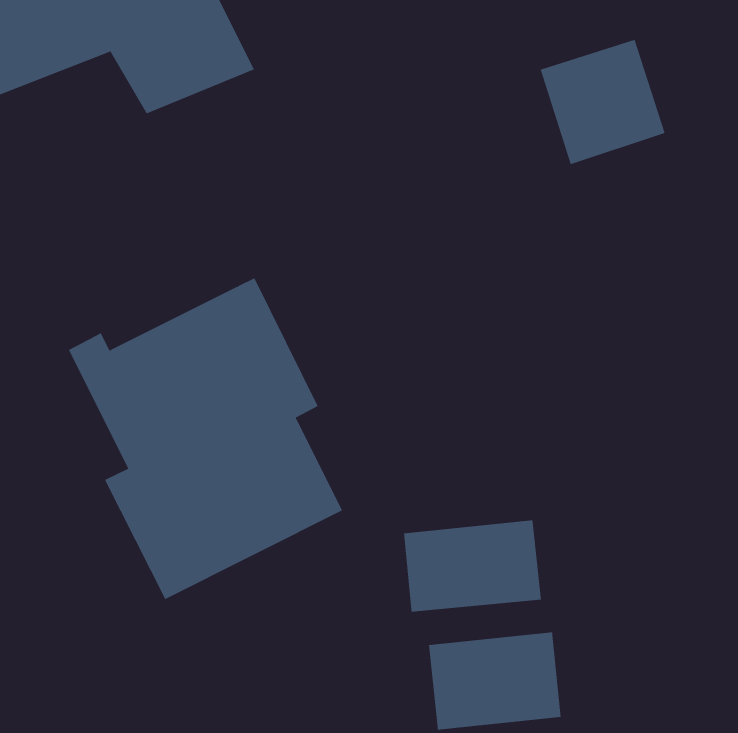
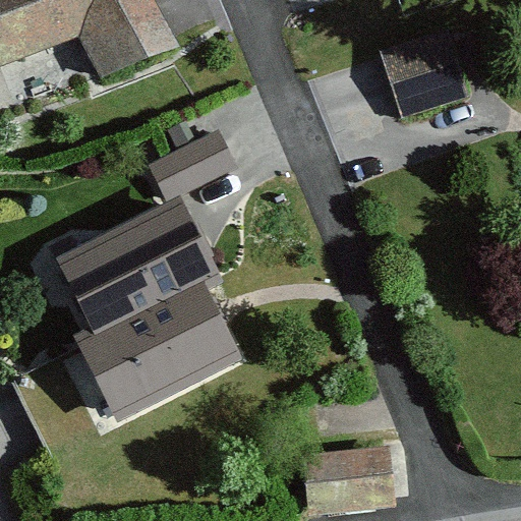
building: none -> [147,127,237,201]
building: [404,519,541,613] -> none

